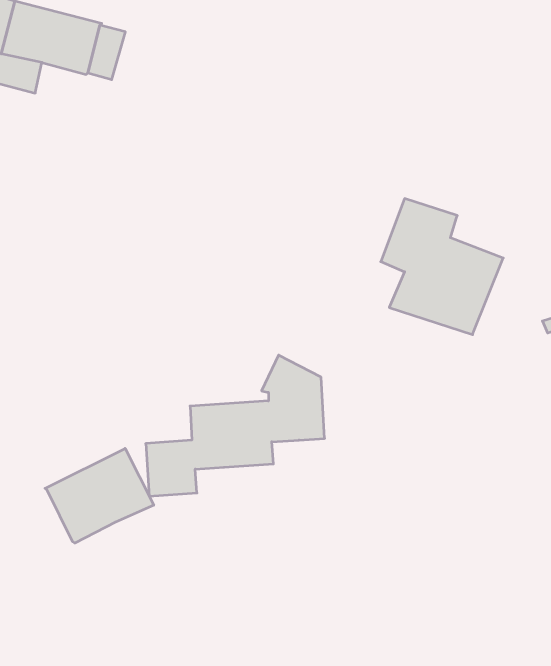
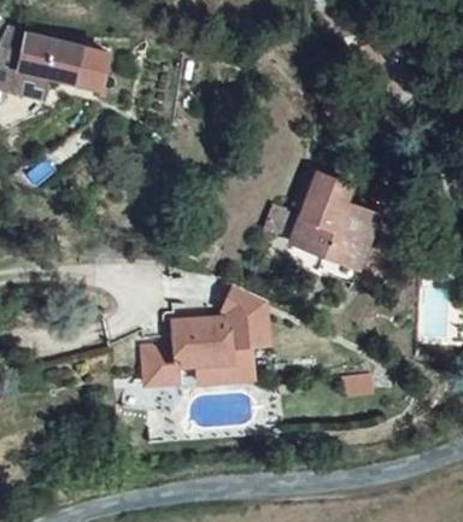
building: none -> [187,345,241,383]
building: [45,448,154,543] -> none

